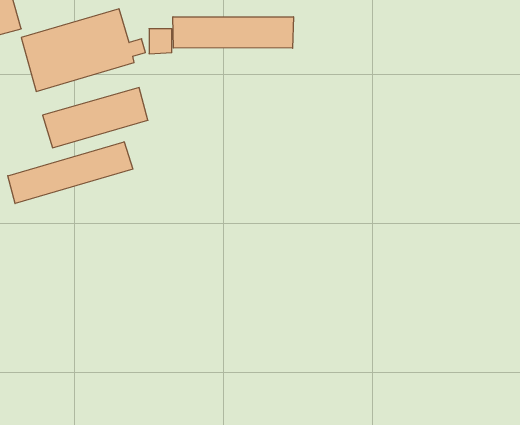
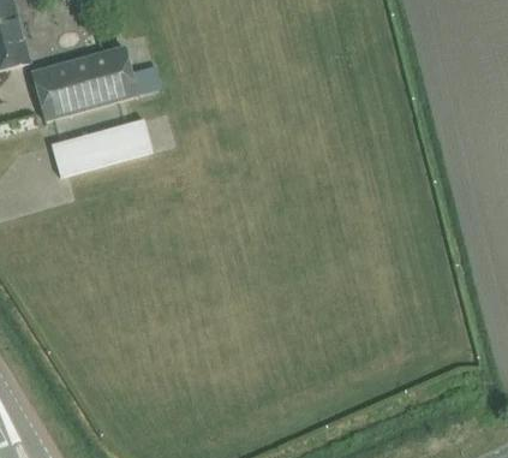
building: [173,17,293,48] -> none
building: [8,142,133,204] -> none

